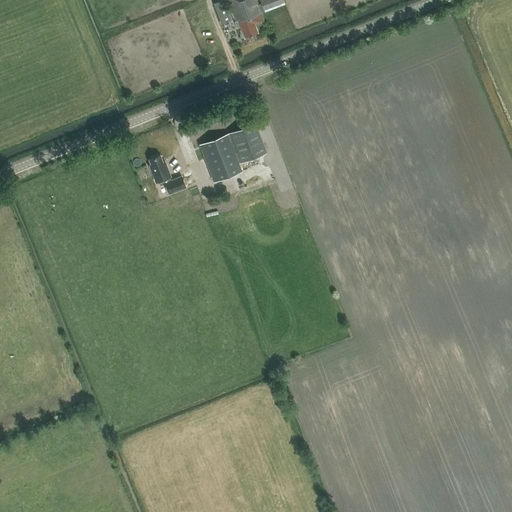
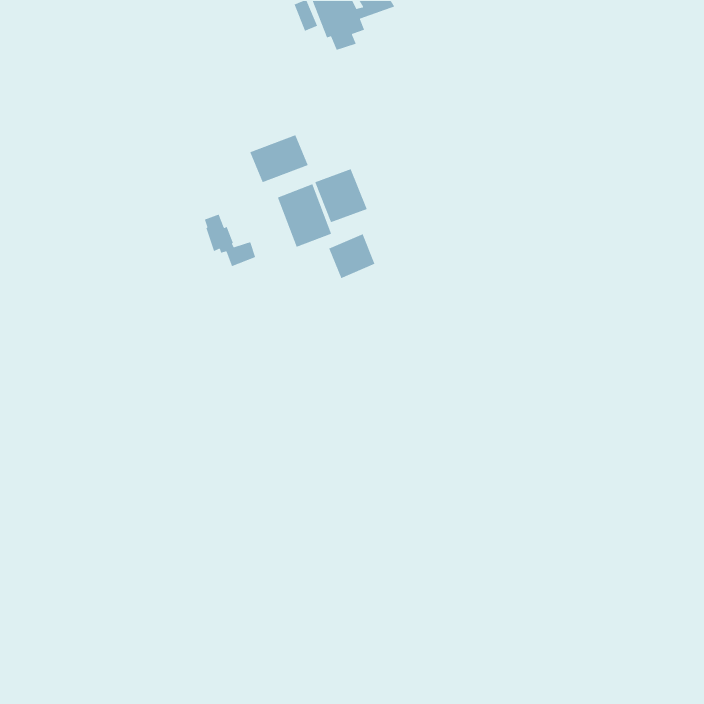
building: none -> [249,134,309,183]
building: none -> [328,233,376,279]

